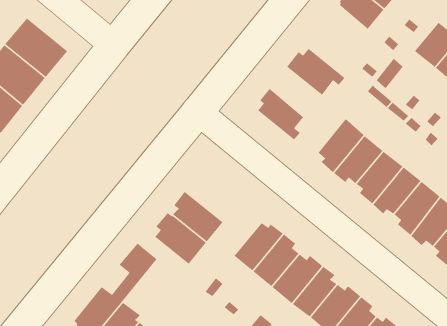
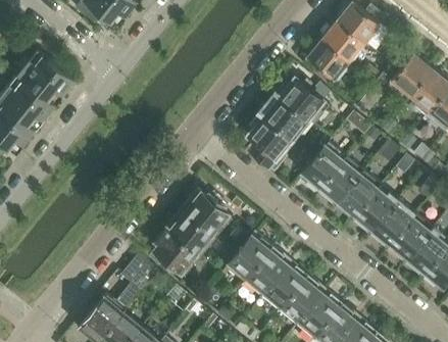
building: none -> [307,38,349,79]
building: none -> [259,94,307,140]
building: none -> [182,188,233,236]

